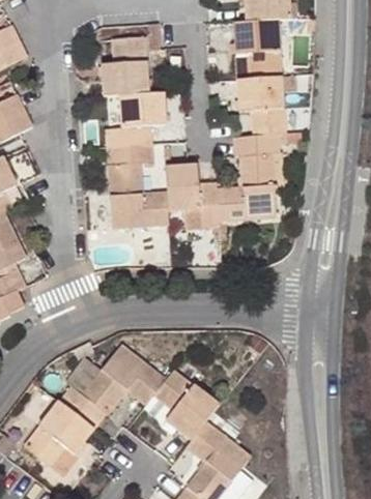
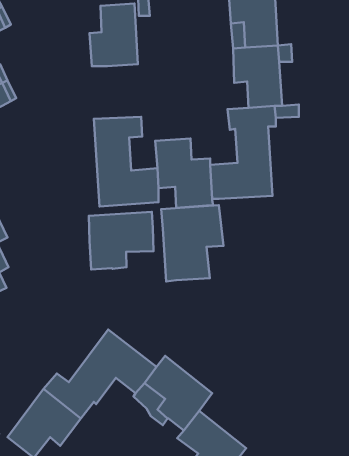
building: [107,92,166,145] -> none
building: none -> [161,205,224,281]
building: none -> [89,212,153,269]

